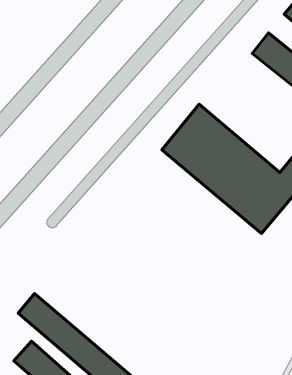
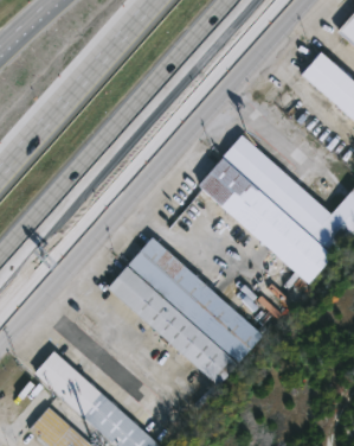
building: none -> [105,237,262,386]

